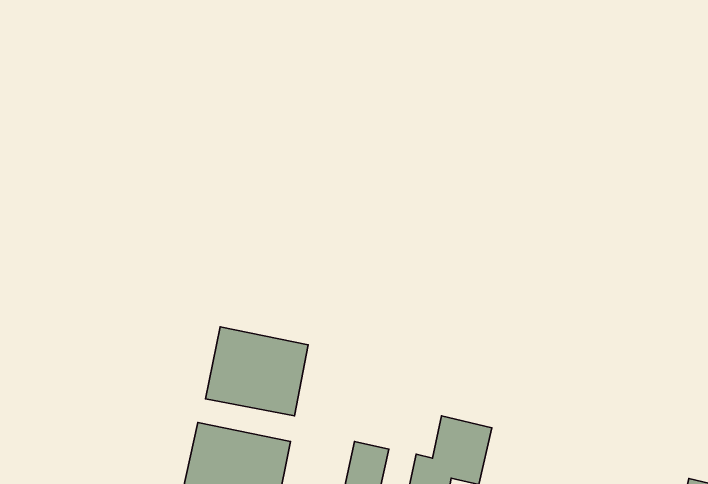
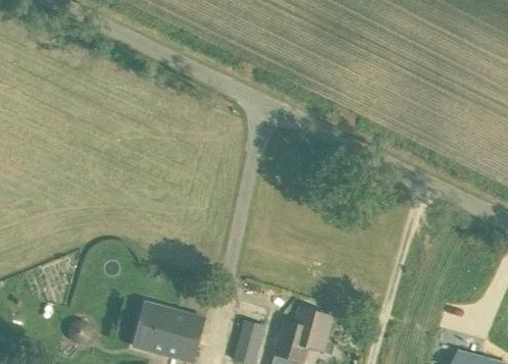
building: [205,327,308,416] -> none

